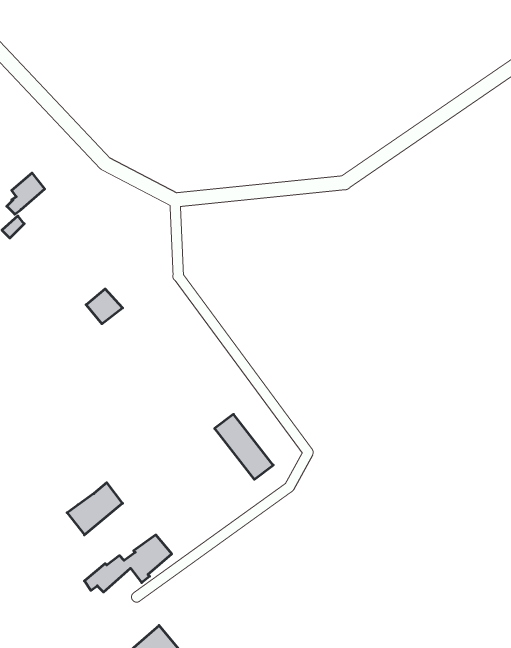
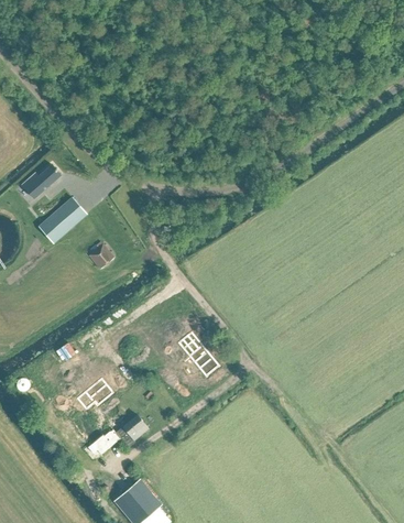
building: none -> [37,197,86,243]

